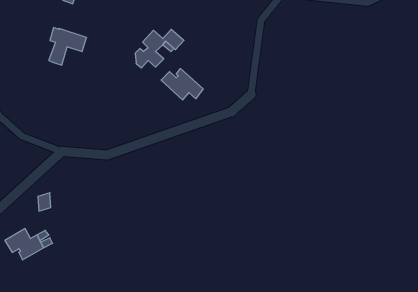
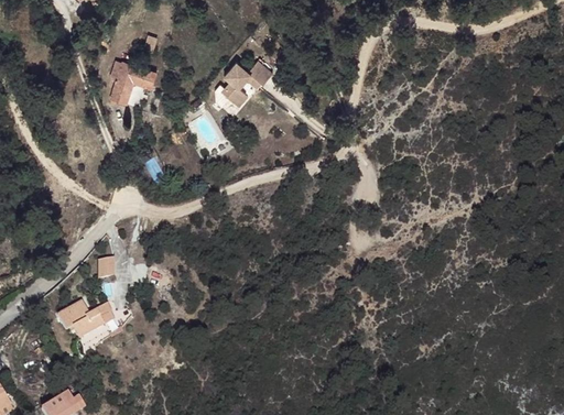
building: [161,69,203,100] -> none

